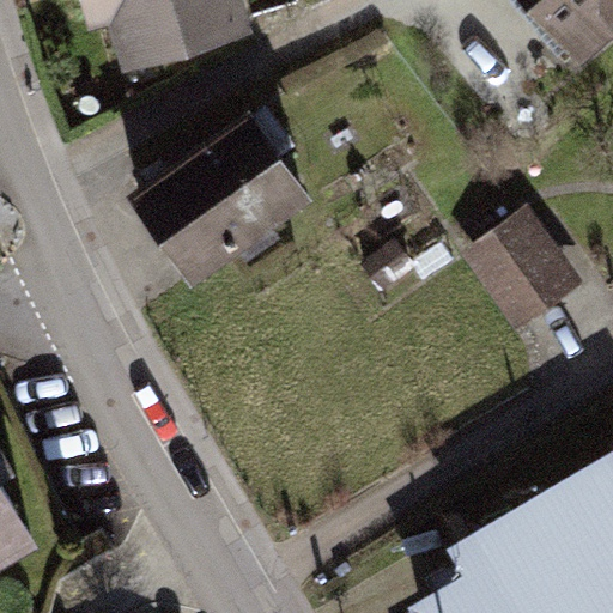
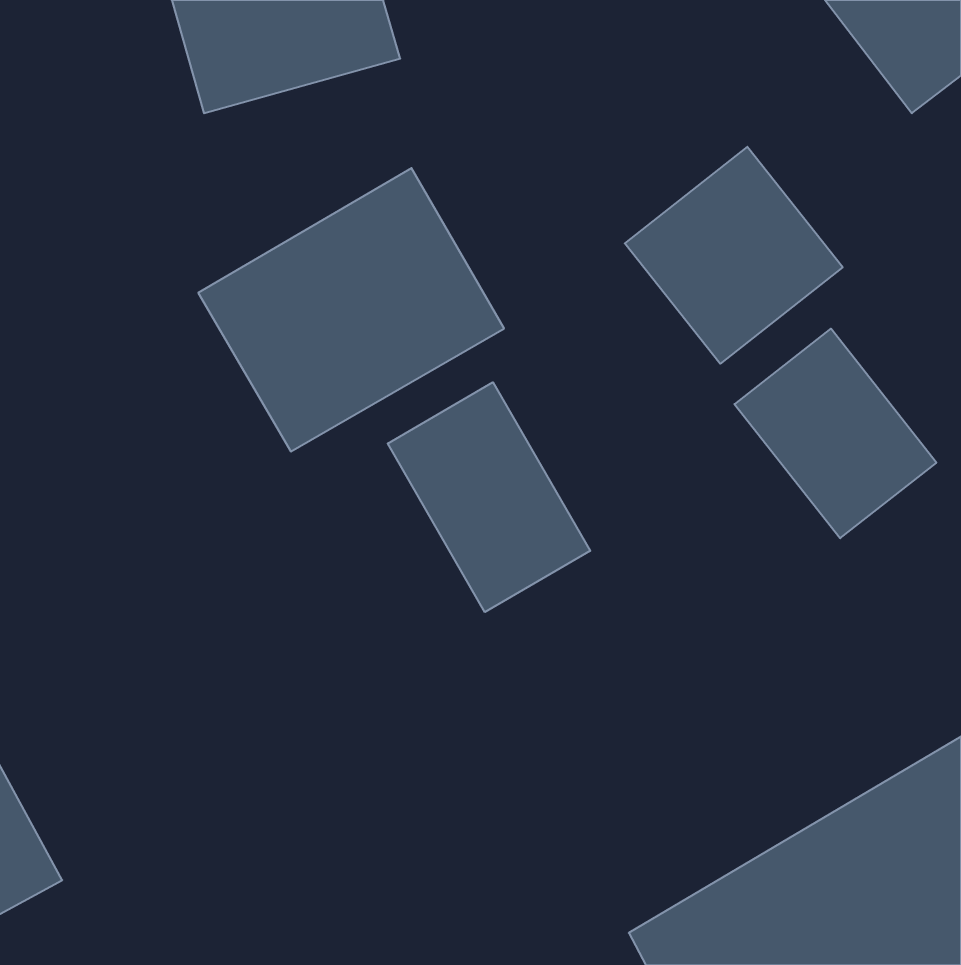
building: none -> [625,147,843,364]
building: none -> [388,382,590,612]

